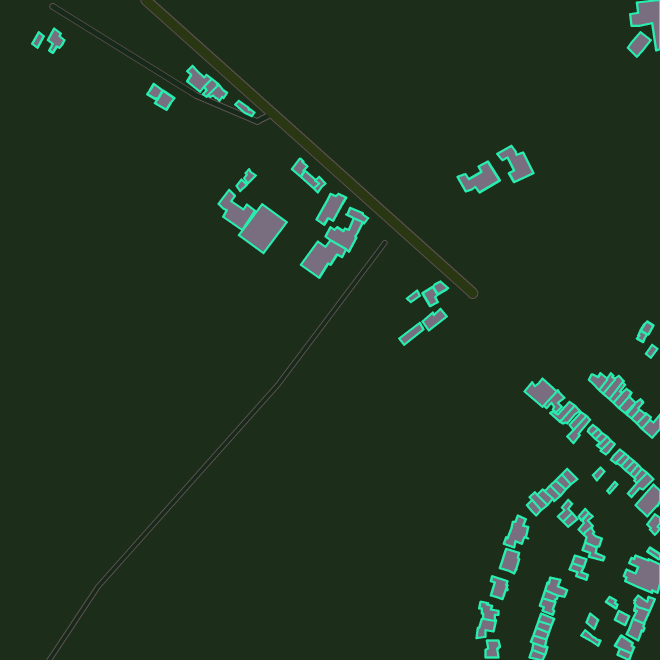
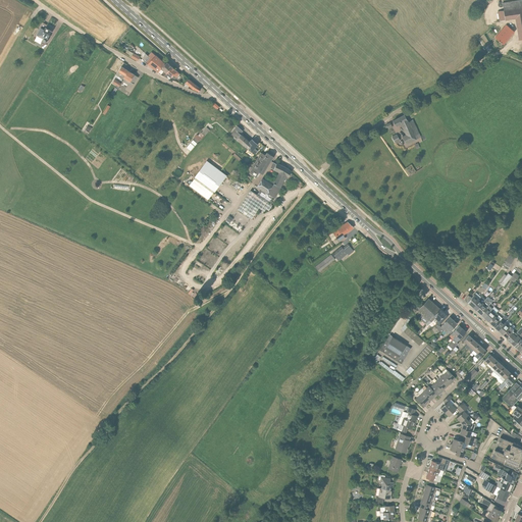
building: [458,162,500,193] -> none
building: [219,190,255,230] -> none
building: none -> [379,334,411,364]

